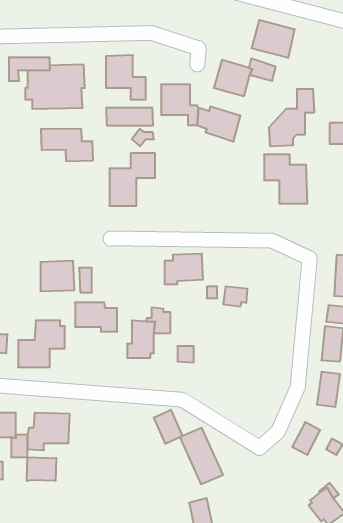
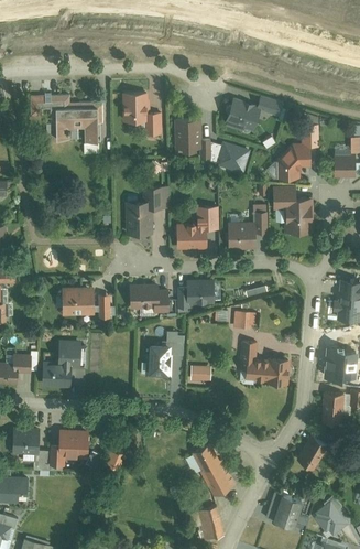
building: [252,20,295,58] -> none
building: [106,108,153,126] -> none
building: [41,129,93,161] -> none
building: none -> [175,206,217,251]
building: none -> [226,212,265,249]
building: [75,302,117,332] -> [128,284,167,312]
building: none -> [237,344,290,385]
building: [154,410,183,444] -> none
building: [27,457,56,481] -> none
building: none -> [265,493,307,527]

